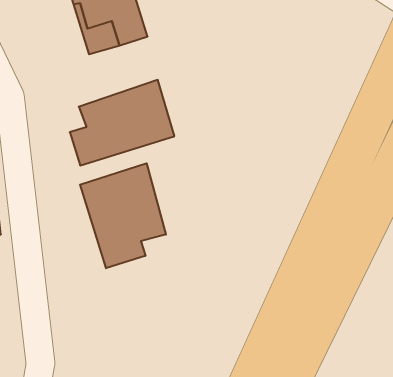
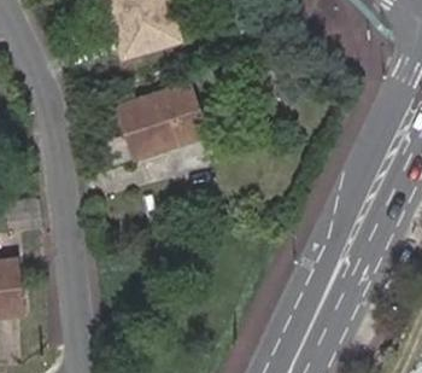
building: [80,163,166,268] -> none

